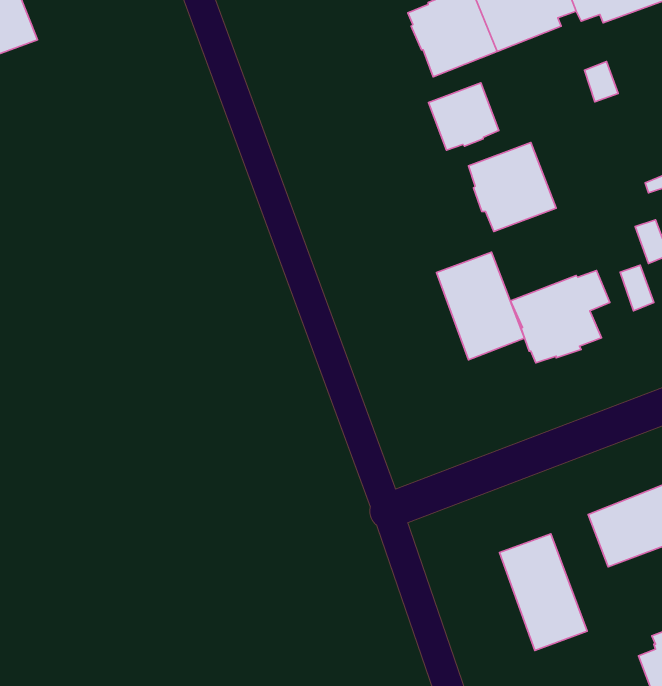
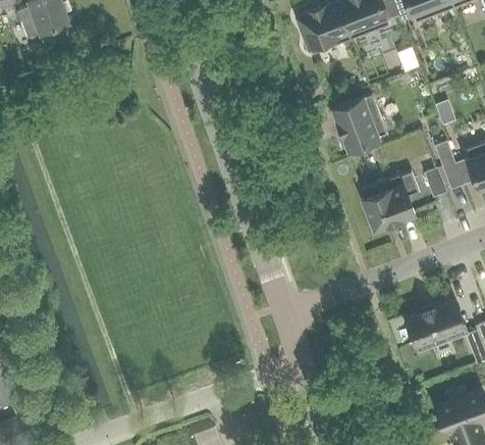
building: [428,83,499,150] -> none
building: [437,252,524,360] -> none
building: [500,534,587,651] -> none

